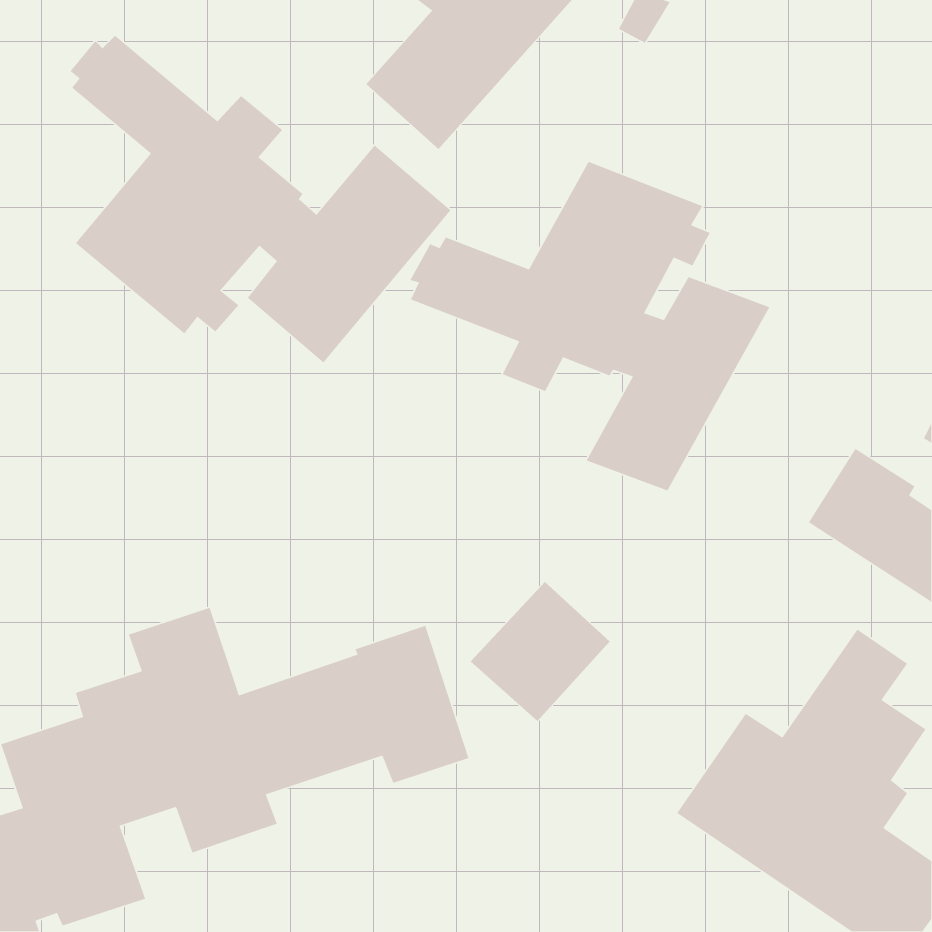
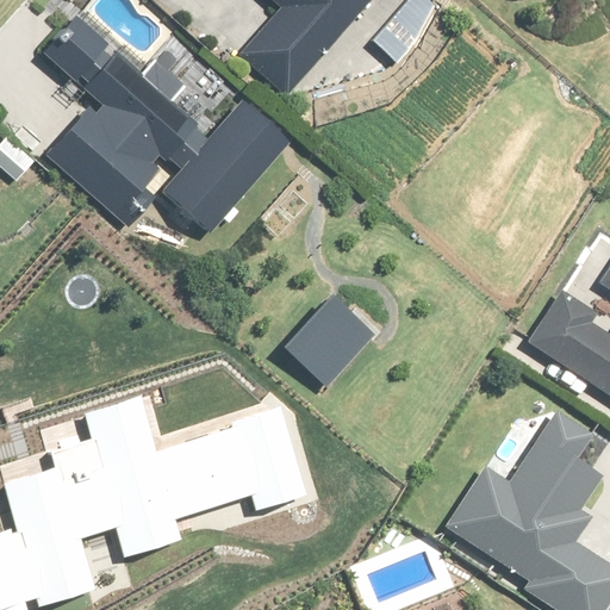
building: [409,161,770,492] -> none
building: [470,581,611,722] -> [282,294,374,386]

